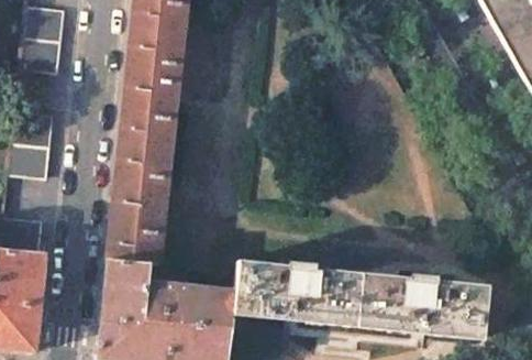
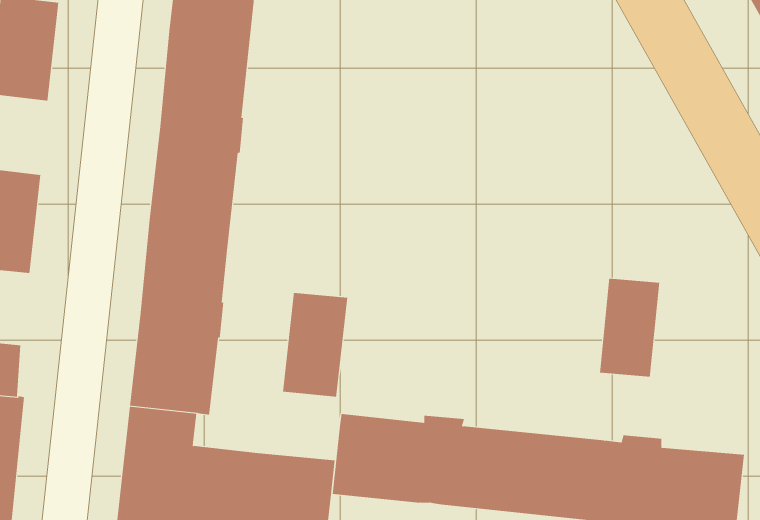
building: none -> [599,278,660,378]
building: none -> [282,292,348,397]

